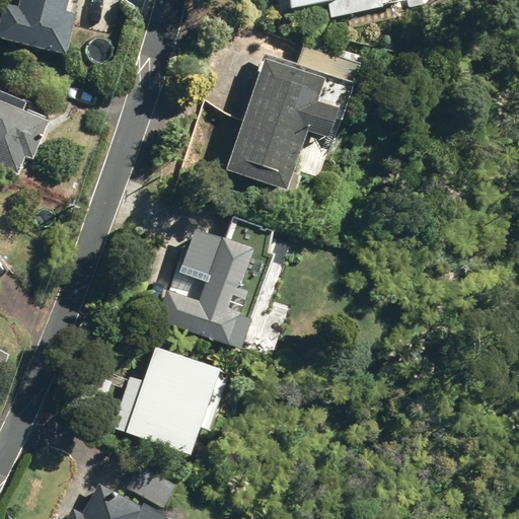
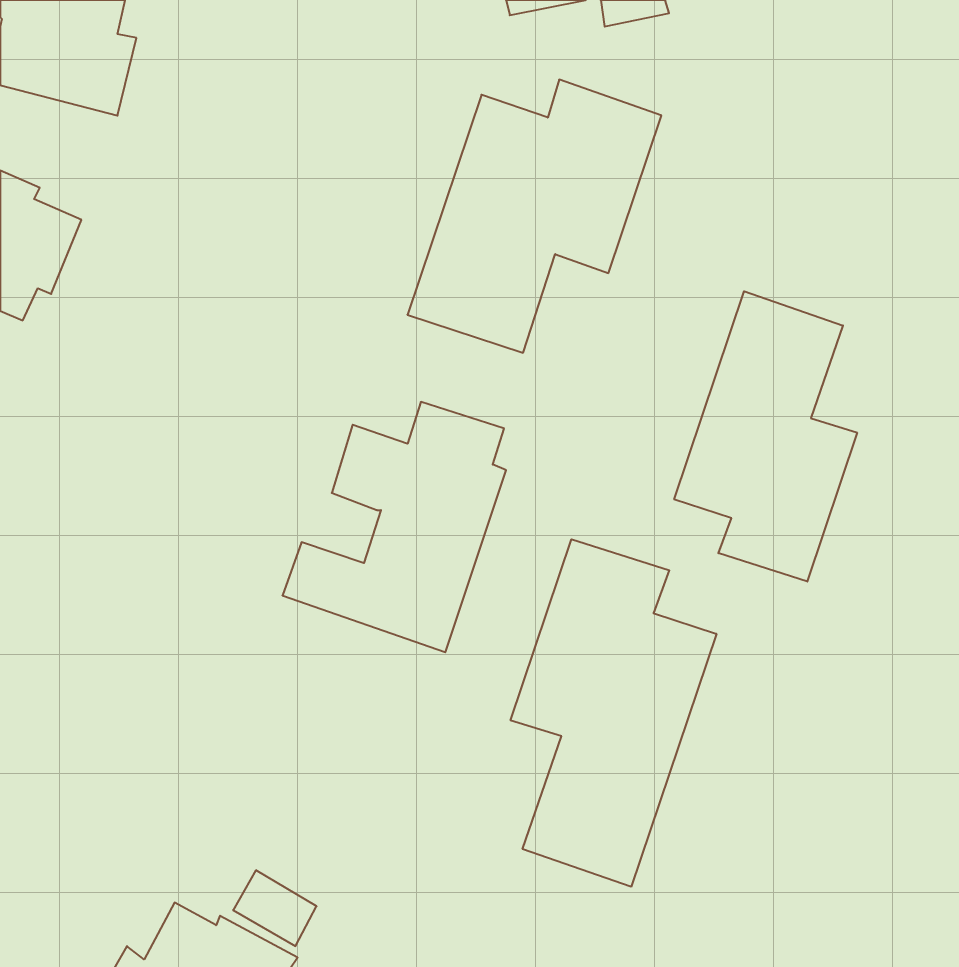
building: none -> [674,291,857,582]
building: none -> [511,539,716,887]
building: [124,346,217,456] -> none

